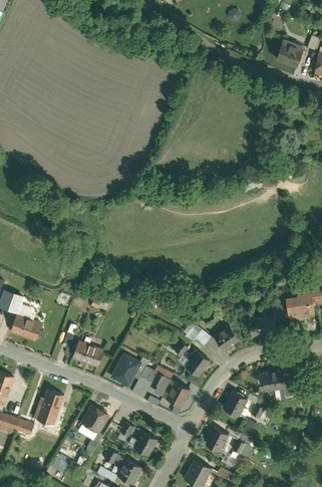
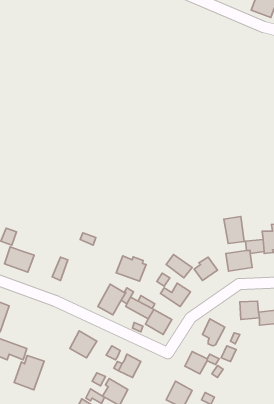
building: none -> [224,217,244,244]
building: [72,340,104,368] -> [116,256,146,281]
building: [32,390,64,427] -> [14,355,44,390]

